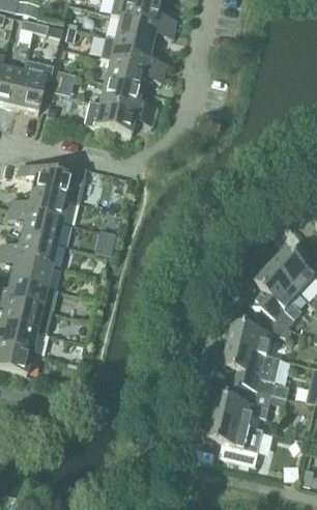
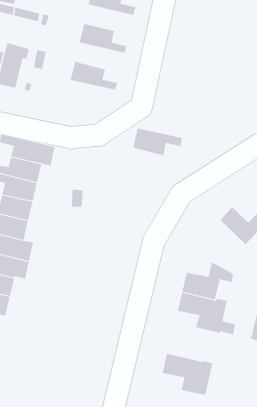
building: [115,16,173,46] -> none
building: [105,59,163,90] -> none
building: [94,103,152,135] -> [132,128,183,156]
building: [255,263,302,325] -> none
building: [210,387,272,426] -> none

